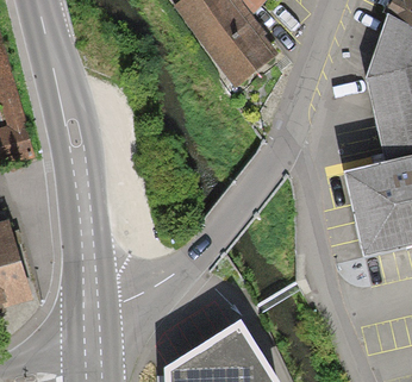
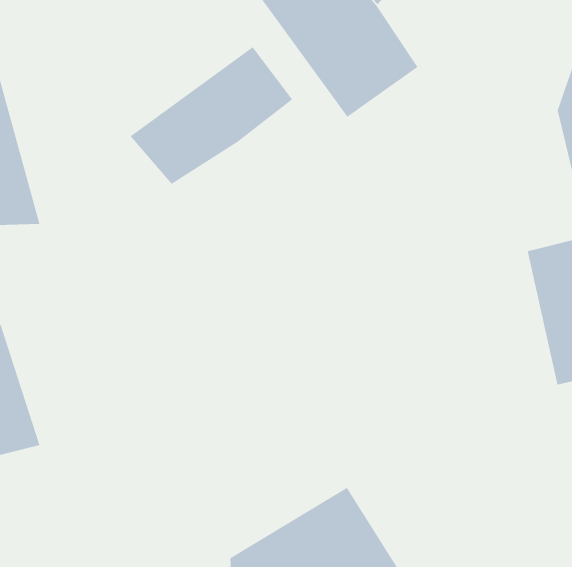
building: none -> [129,46,293,185]

